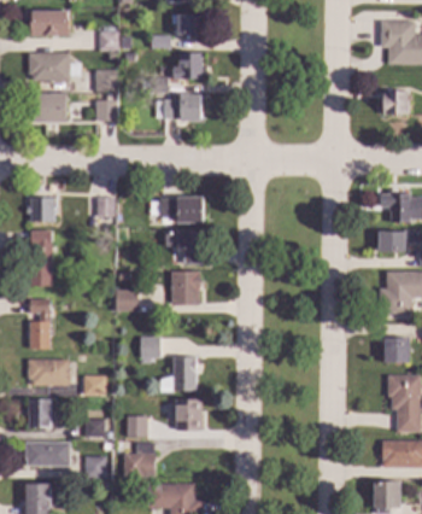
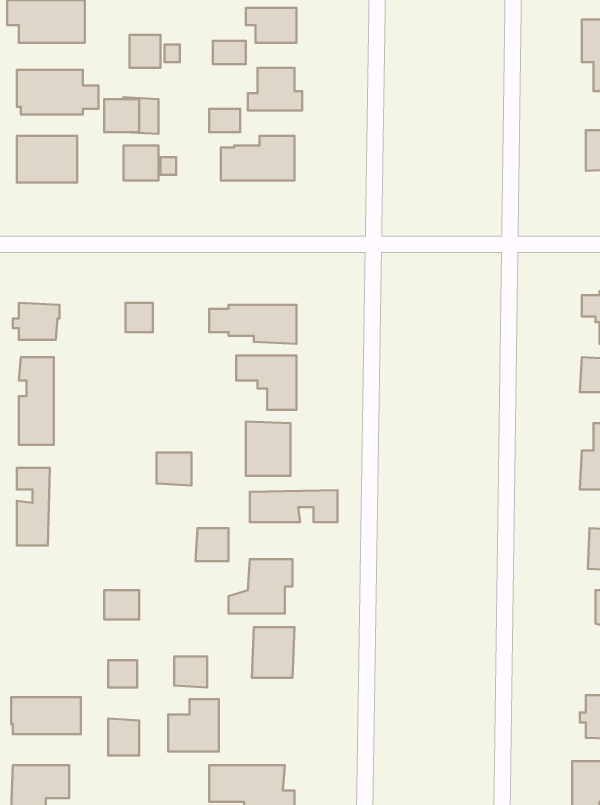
building: none -> [250,490,338,522]
building: [28,358,68,384] -> none
building: [28,399,49,426] -> none

